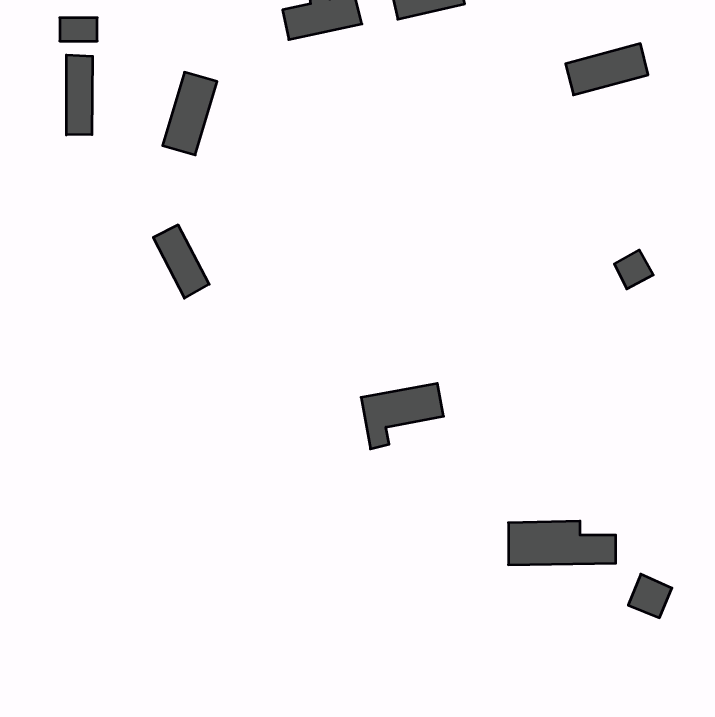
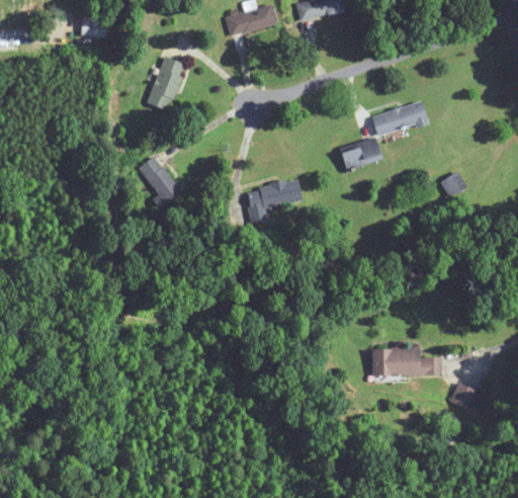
building: [566,44,648,95] -> [372,102,426,136]
building: [66,55,93,135] -> none
building: none -> [339,139,381,171]
building: [361,383,444,449] -> [247,180,300,223]

